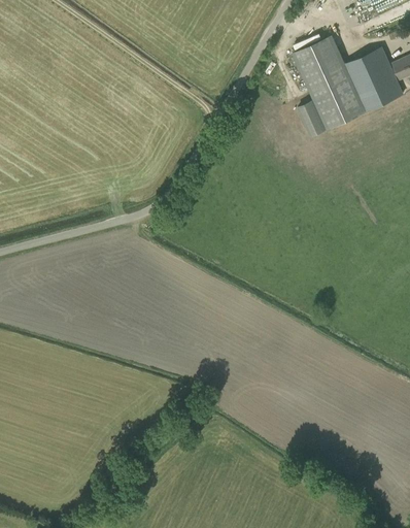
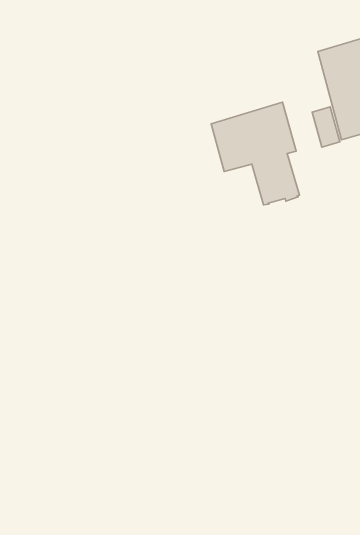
building: none -> [211,102,299,205]

